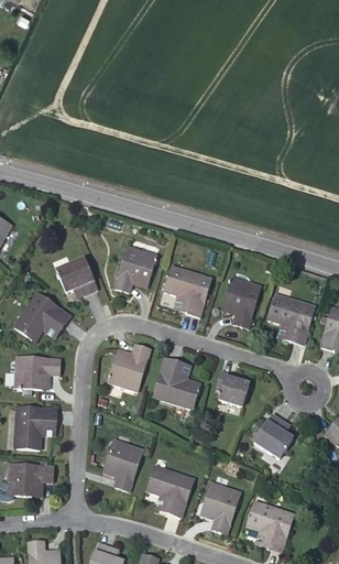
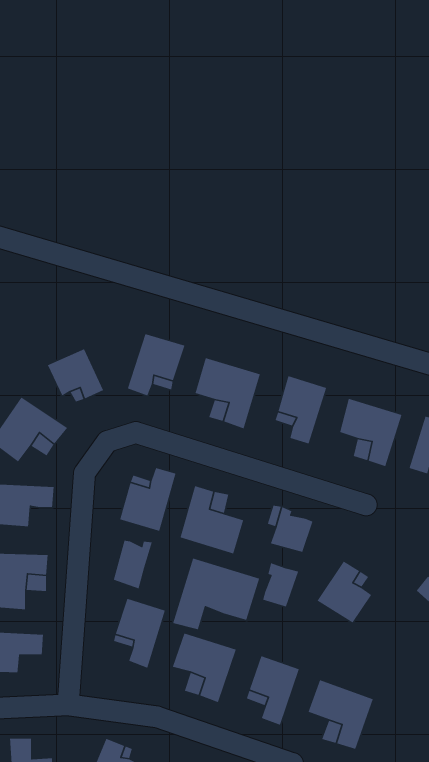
building: none -> [113,540,153,589]
building: none -> [172,557,260,630]
building: none -> [262,562,299,607]

